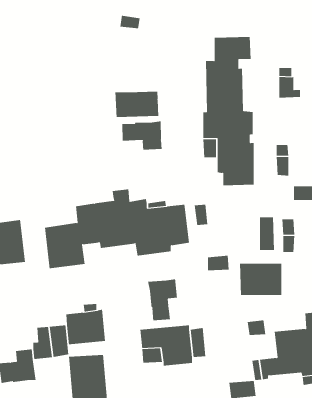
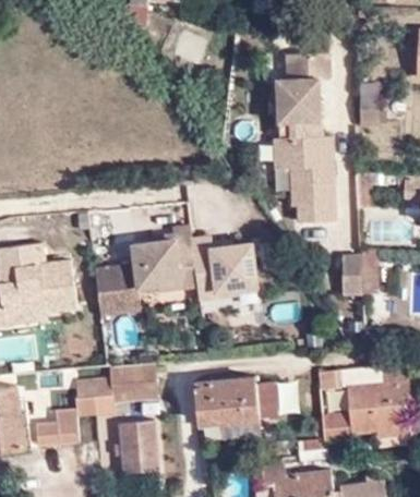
building: [115,91,159,118] -> none
building: [122,121,162,150] -> none
building: [240,263,282,296] -> none
building: [148,279,178,321] -> none

